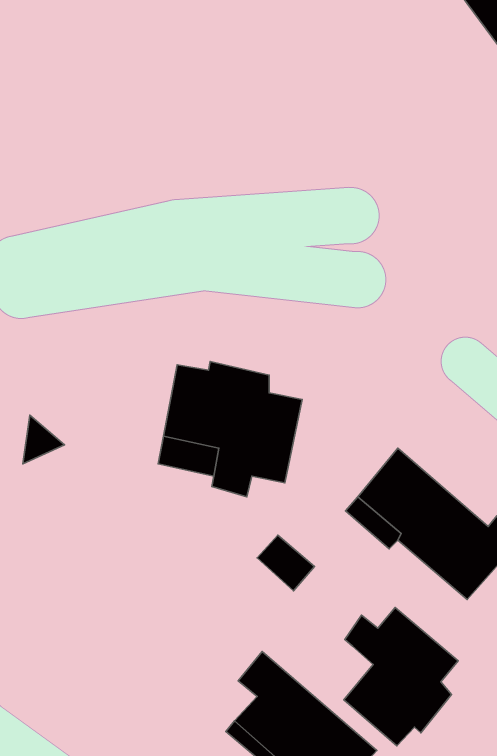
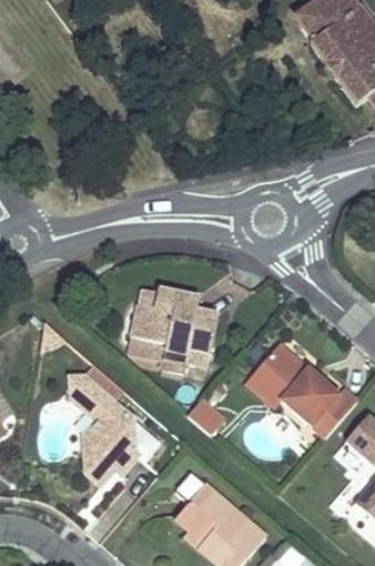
building: none -> [70,375,138,485]
building: [344,607,458,746] -> none

